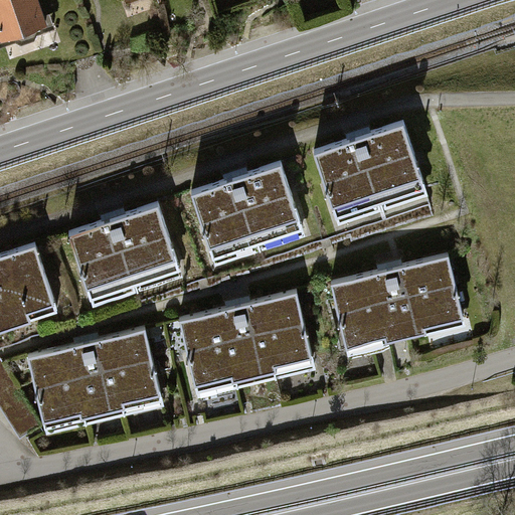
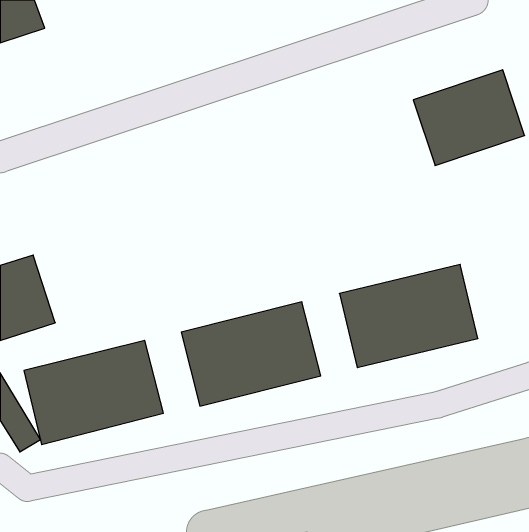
building: [316,127,423,219] -> [413,70,525,166]
building: [190,166,302,262] -> none
building: [67,207,178,301] -> none

